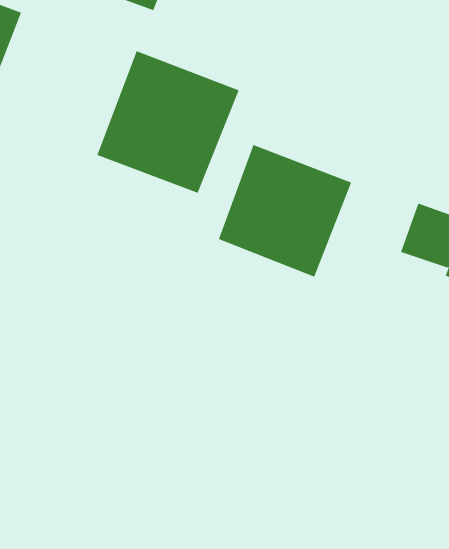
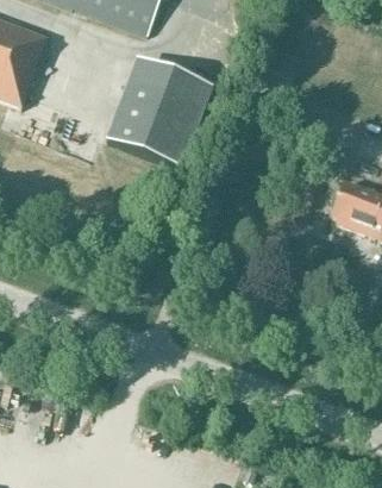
building: [218,144,352,278] -> none

